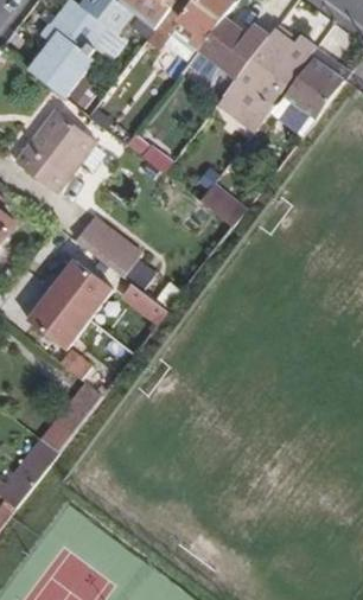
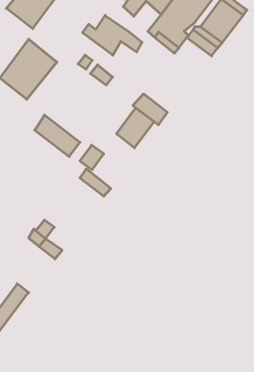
building: none -> [83,15,142,55]
building: none -> [117,108,154,148]
building: [27,258,112,349] -> none

